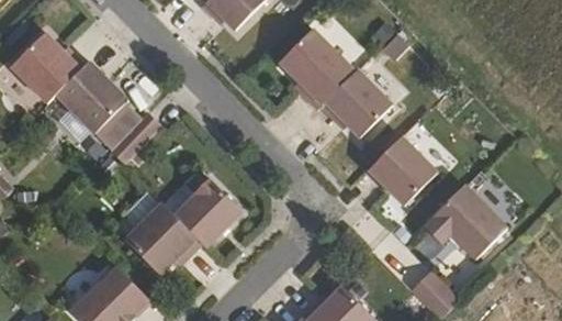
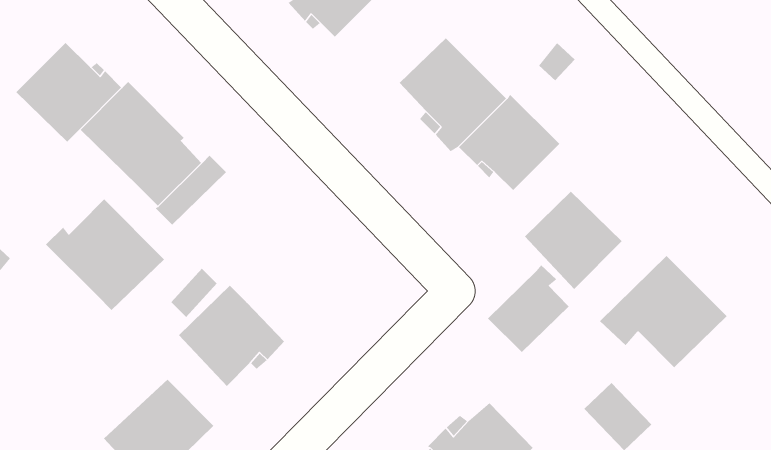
building: none -> [45,199,165,311]
building: [173,178,239,246] -> none
building: none -> [487,264,569,353]

